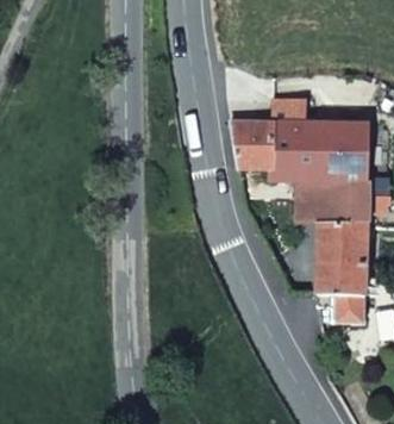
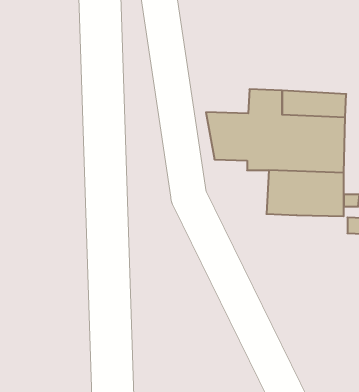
building: [317,224,367,326] -> none

